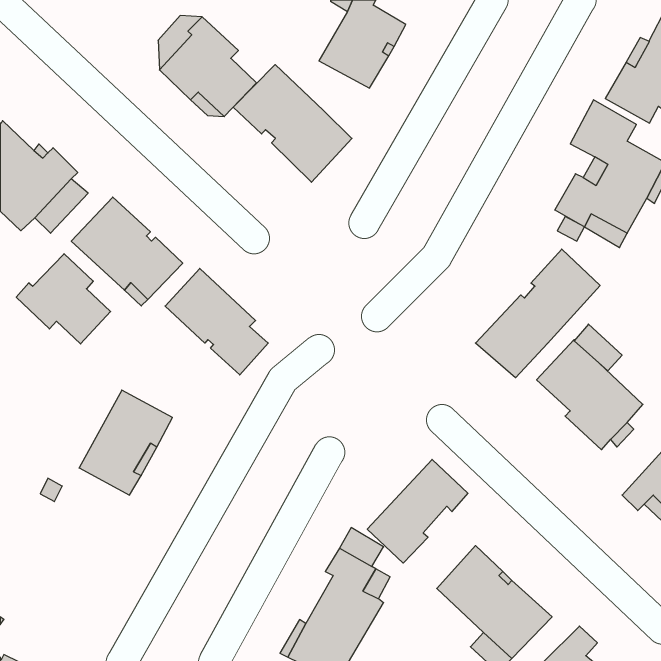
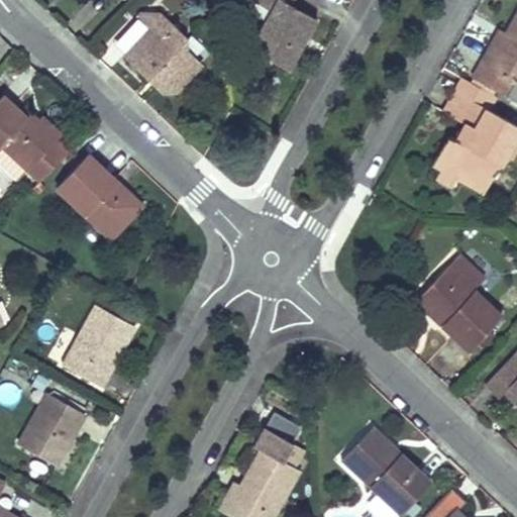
building: [233,65,352,182] -> none
building: [475,249,600,378] -> none
building: [16,254,111,344] -> none
building: [165,268,268,375] -> none
building: [367,459,468,563] -> none
building: none -> [19,393,86,466]

